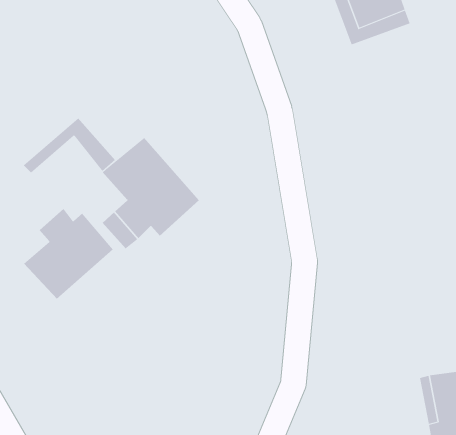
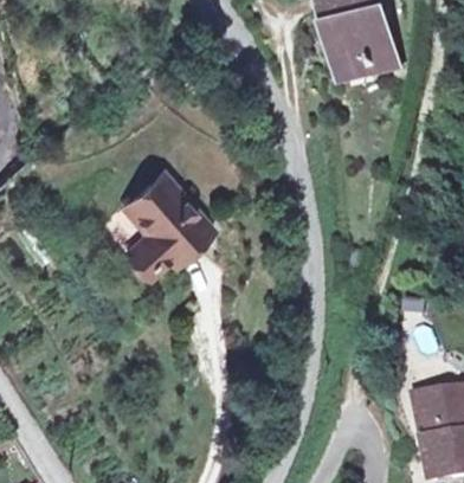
building: [23,117,116,174] -> none
building: [23,208,114,299] -> none

